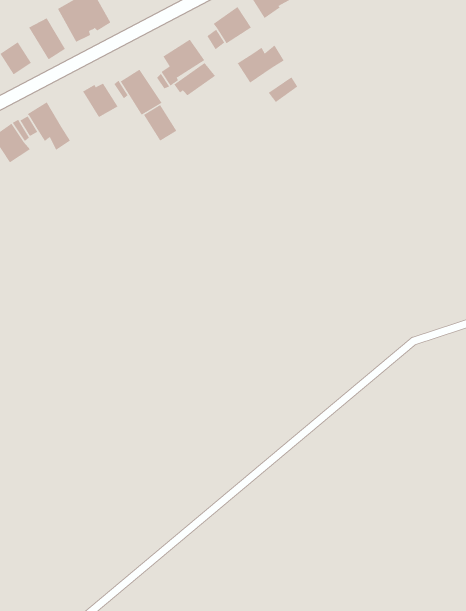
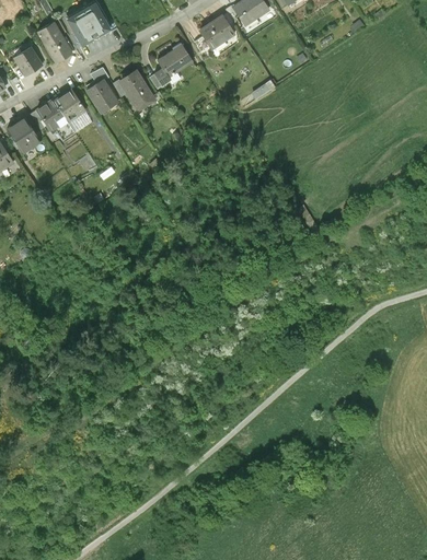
building: [237,45,284,83] -> none
building: [173,62,216,96] -> none
building: none -> [56,89,85,120]
building: [143,104,177,141] -> none

